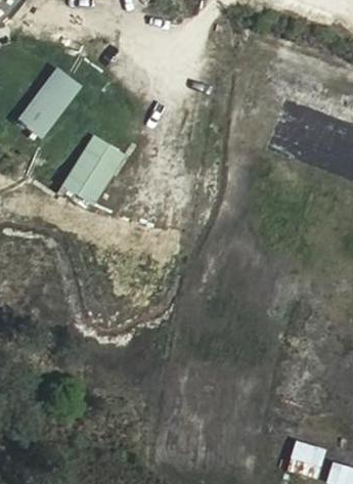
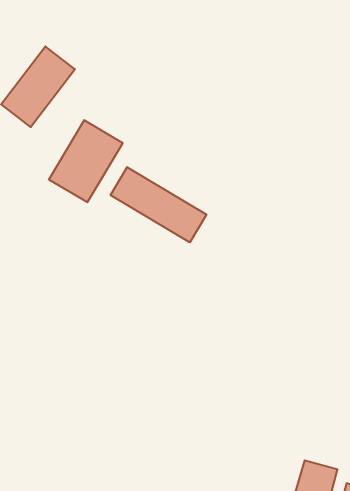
building: none -> [111,167,206,242]

